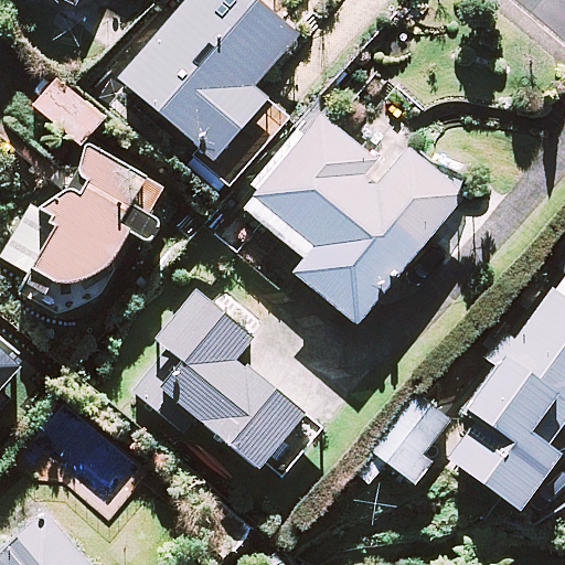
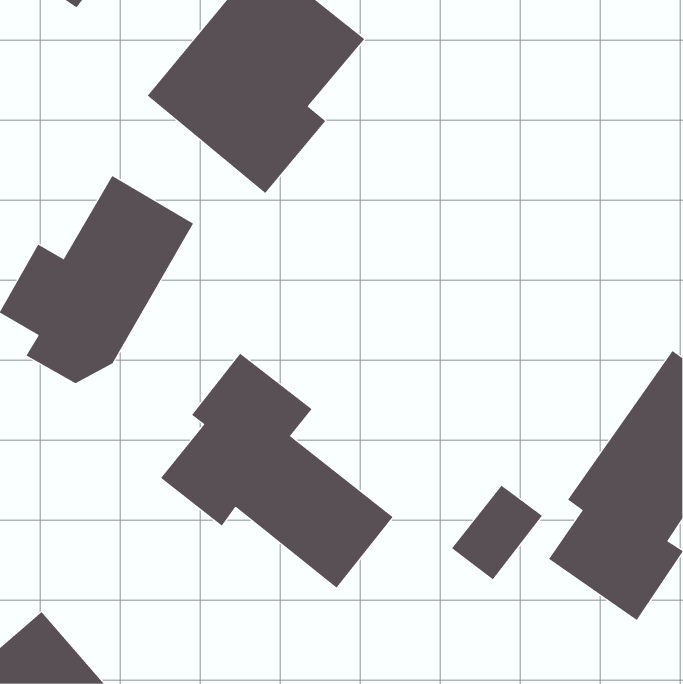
building: [244,114,465,324] -> none

